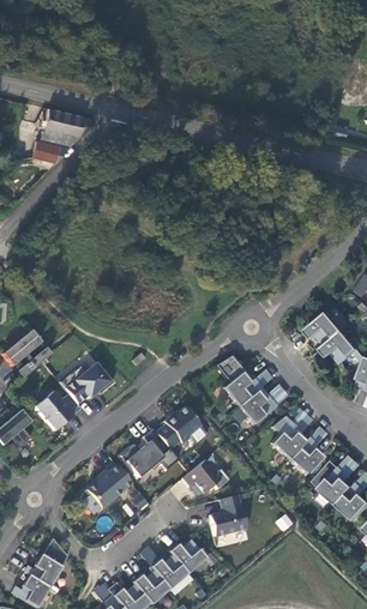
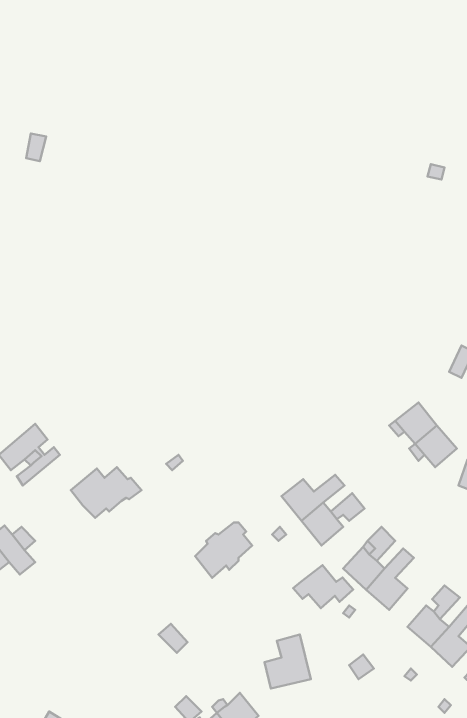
building: [31,109,82,167] -> none
building: [31,393,79,432] -> none
building: [119,430,176,478] -> none
building: [180,460,227,494] -> [293,565,353,608]
building: [83,465,130,508] -> none

